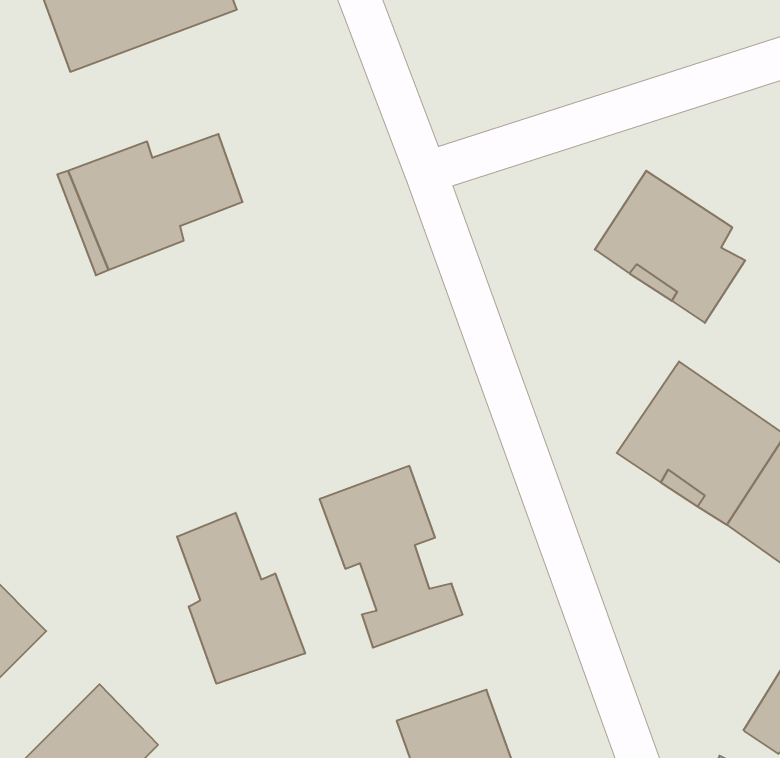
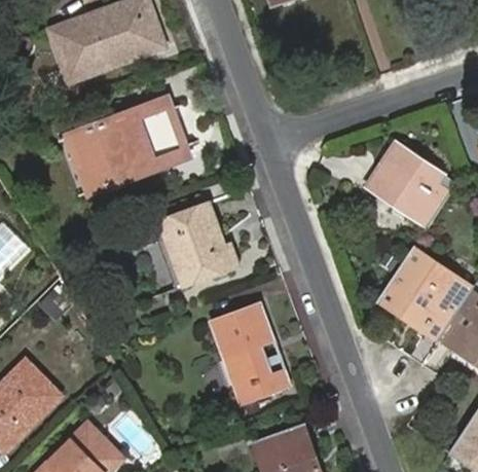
building: none -> [114,103,187,177]
building: none -> [160,203,242,289]
building: [177,513,305,684] -> none

